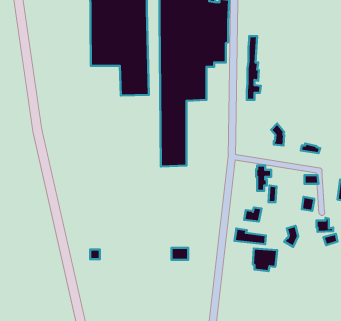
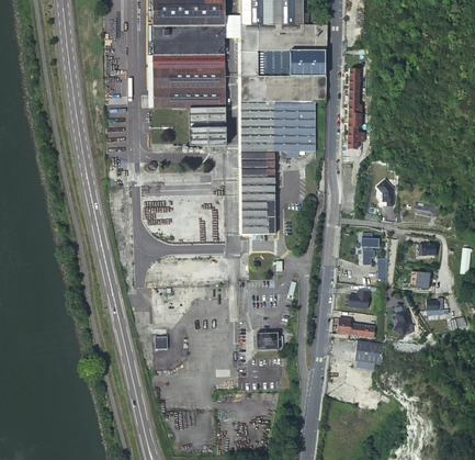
building: none -> [272,102,316,158]

